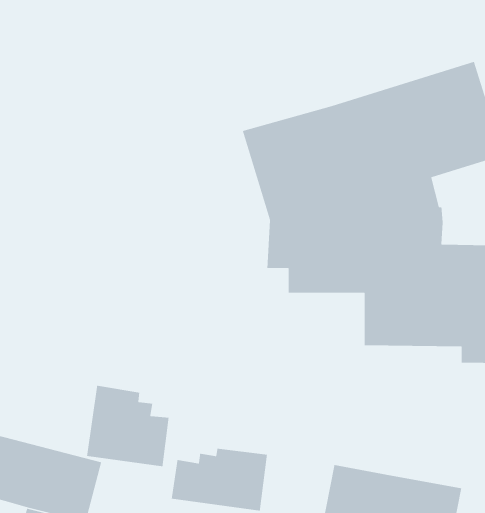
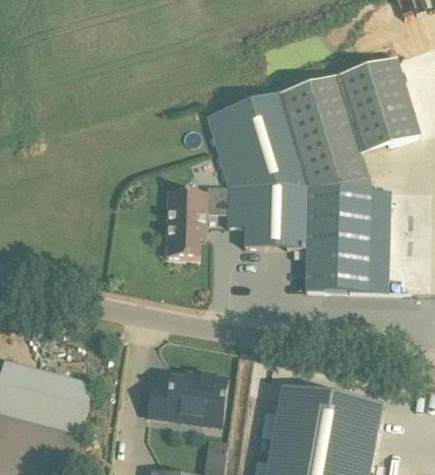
building: none -> [167,192,206,255]
building: [86,385,170,467] -> none

